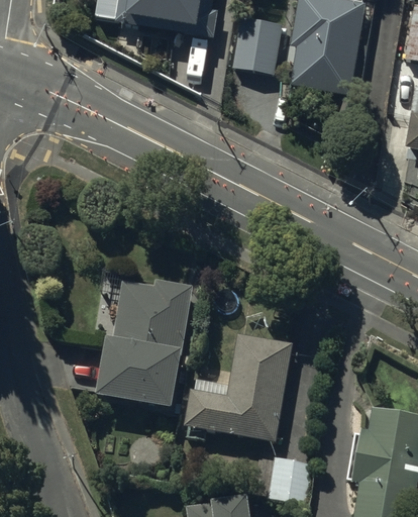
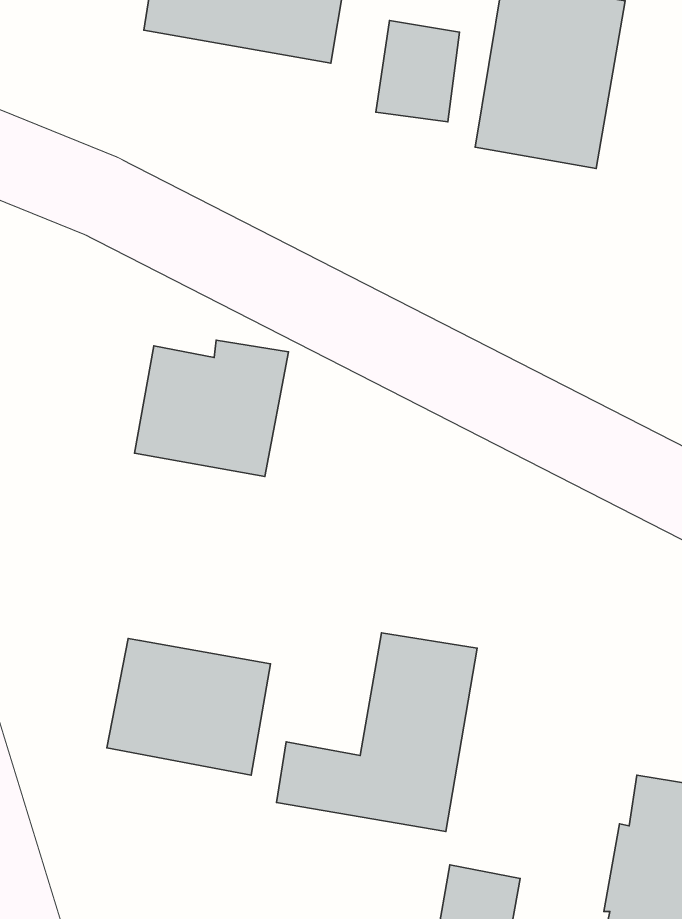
building: [114,280,194,350] -> [134,340,288,477]

